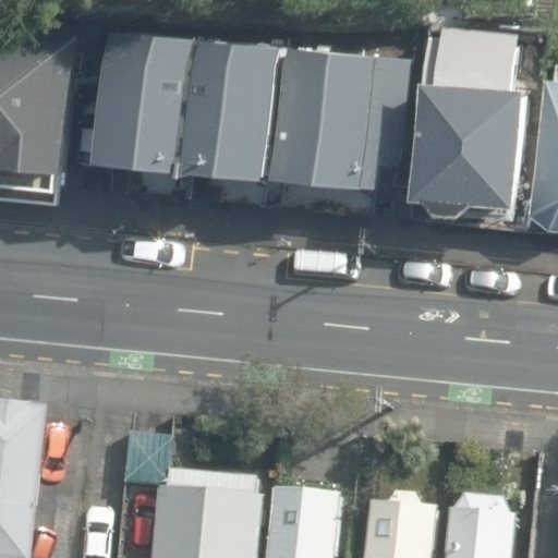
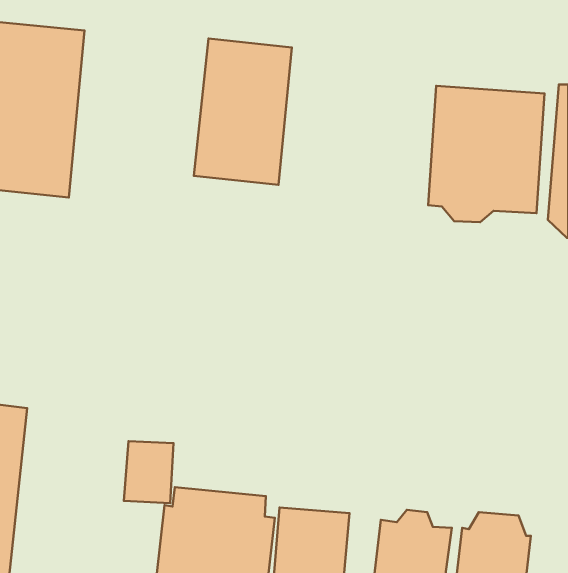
building: [102,32,202,173] -> none
building: [275,50,408,194] -> none

